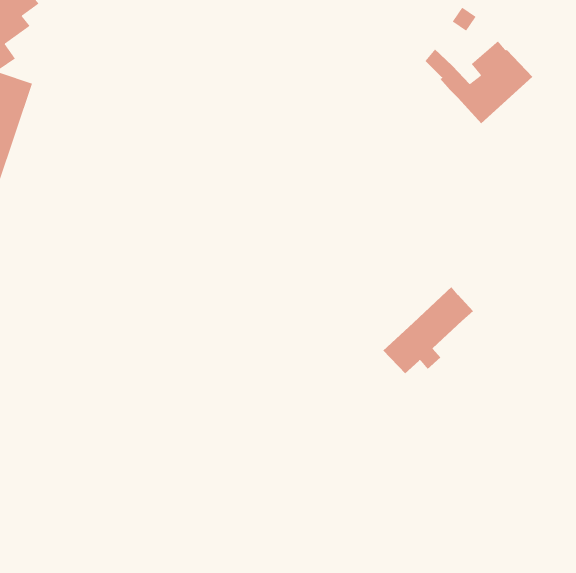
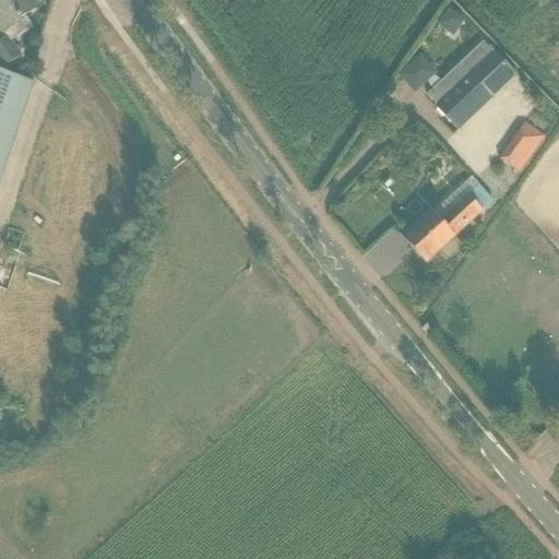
building: none -> [497,127,538,170]
building: [382,286,474,374] -> [403,176,491,261]

